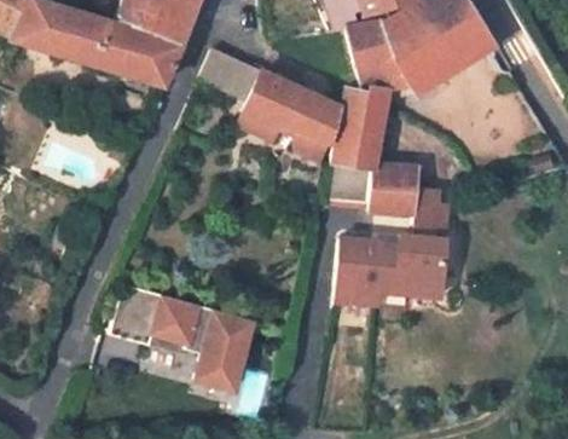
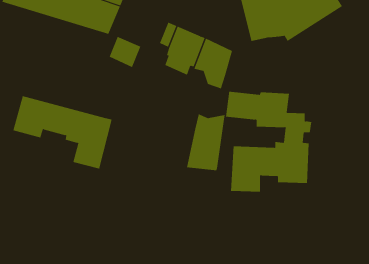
building: [201,51,247,96] -> [109,36,141,68]
building: [332,87,388,168] -> [186,113,225,171]
building: [110,287,251,391] -> [13,95,113,169]

